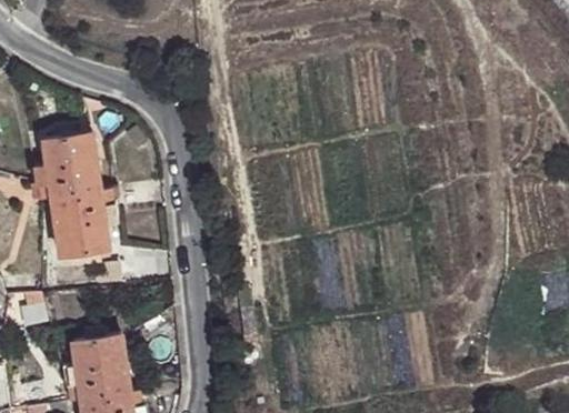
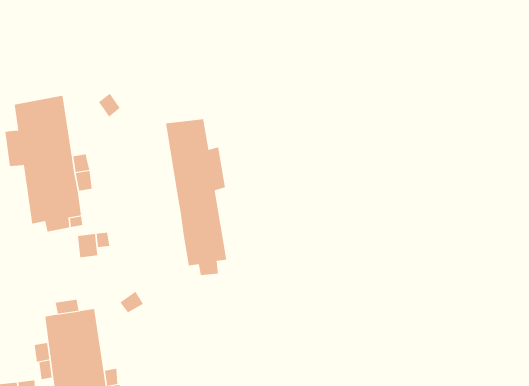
building: none -> [165,119,227,276]

